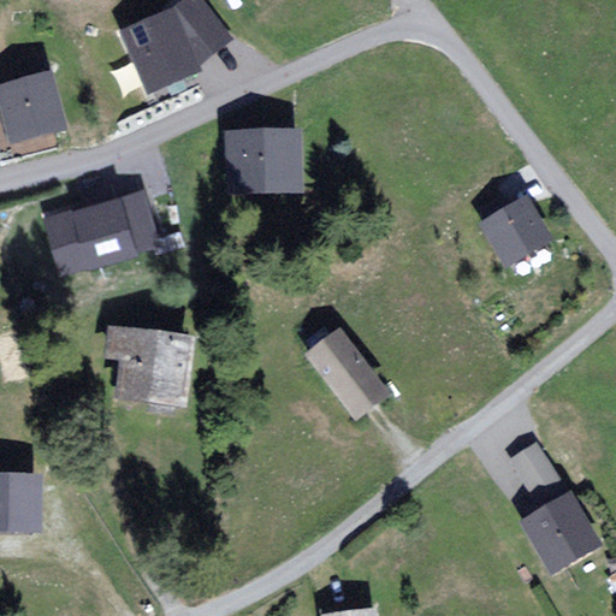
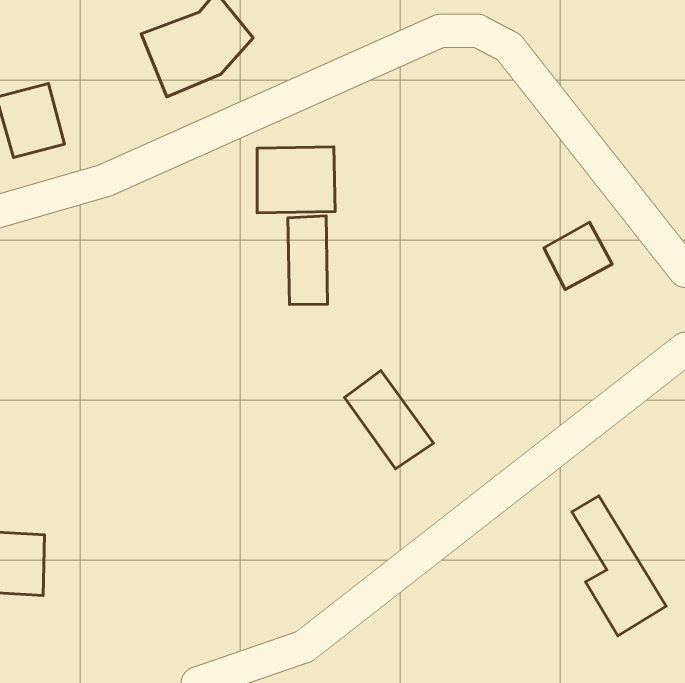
building: [52,185,154,260] -> none
building: none -> [288,216,328,304]
building: [102,325,197,409] -> none

